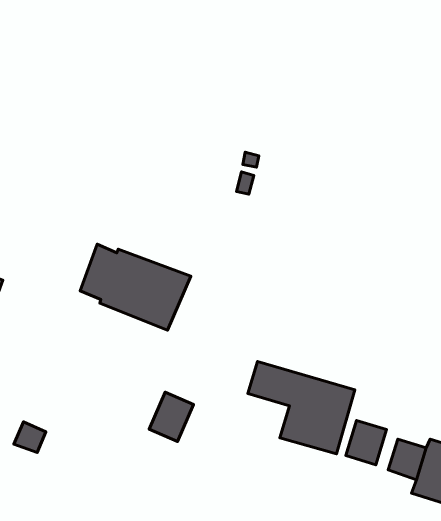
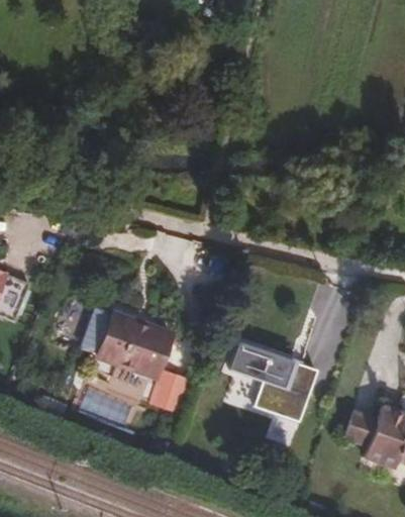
building: [80,244,191,330] -> [84,307,175,378]
building: [346,420,387,465] -> none

